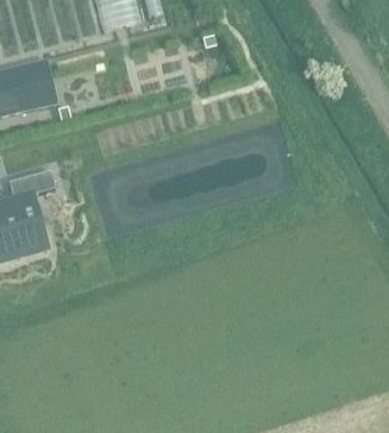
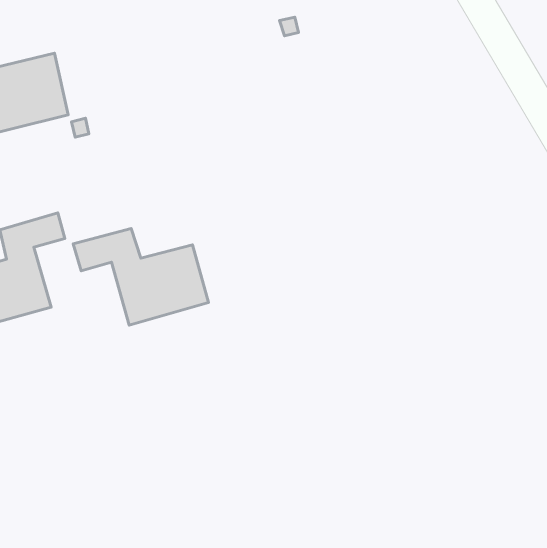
building: none -> [73,228,209,325]

